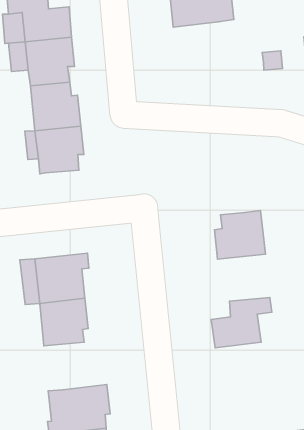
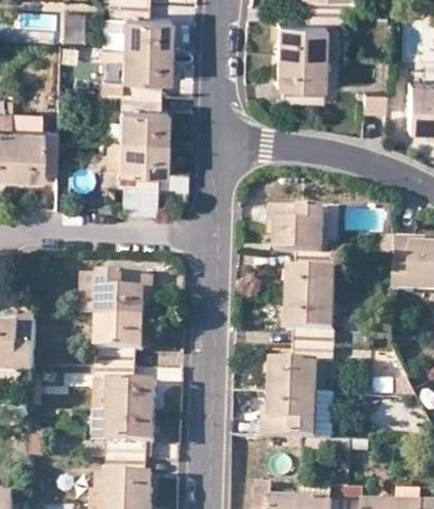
building: none -> [274,53,322,101]
building: none -> [269,206,324,256]
building: none -> [121,186,157,211]
building: none -> [286,300,338,347]
building: none -> [94,364,156,414]
building: none -> [261,391,320,439]

